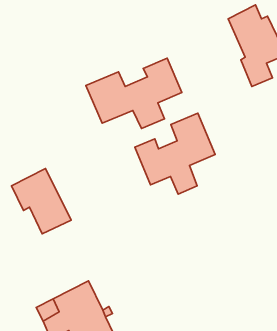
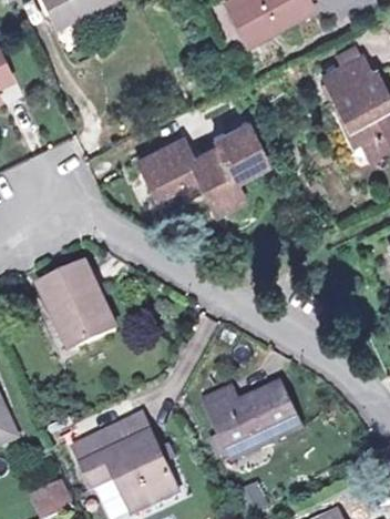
building: [135,113,215,194] -> none
building: none -> [204,383,301,450]

